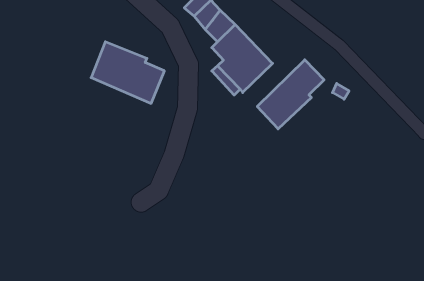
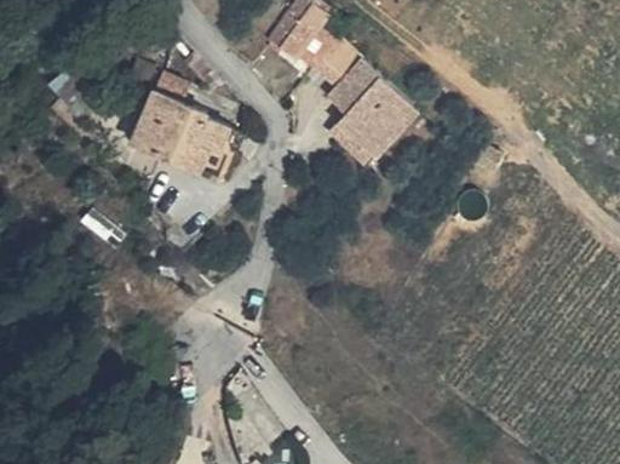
building: [257,60,324,129] -> none

